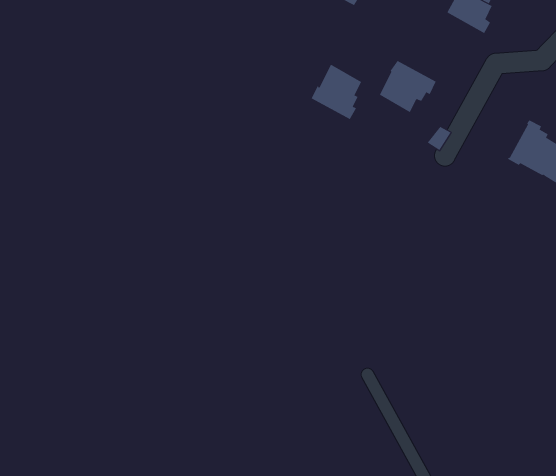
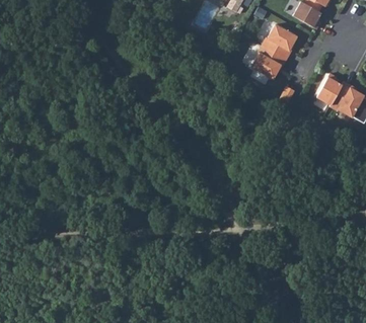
building: [311,64,362,120] -> [263,24,294,59]
building: none -> [316,74,343,105]

